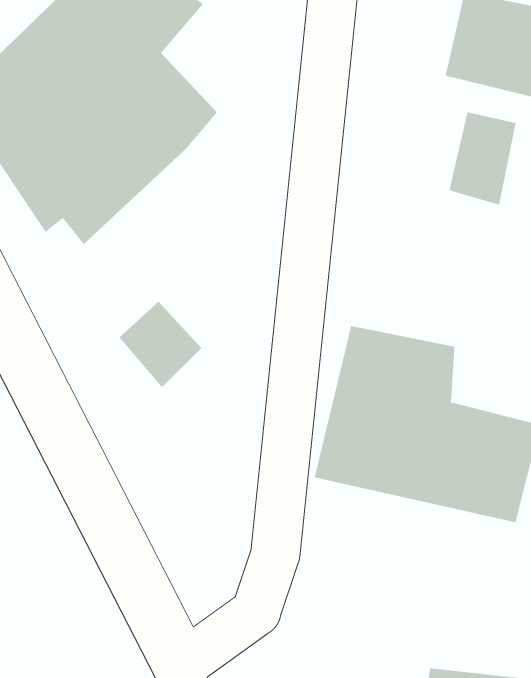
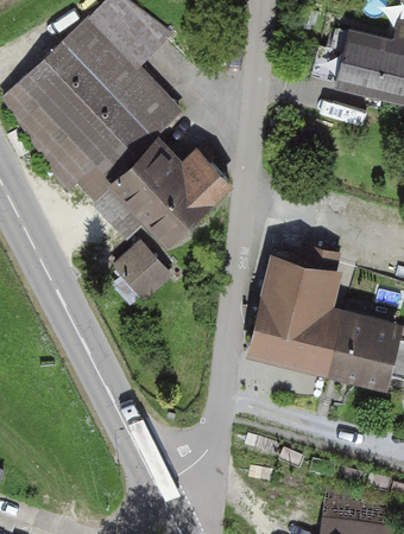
building: [449,111,516,206] -> none
building: none -> [89,134,232,253]

